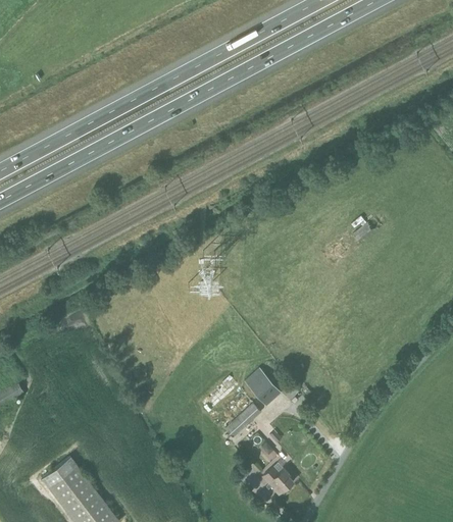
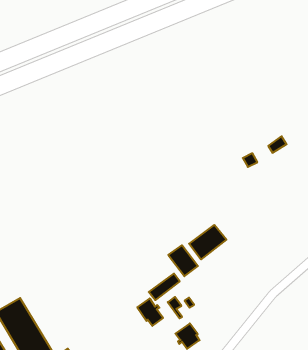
building: none -> [189,225,226,259]
building: none -> [137,298,163,326]

